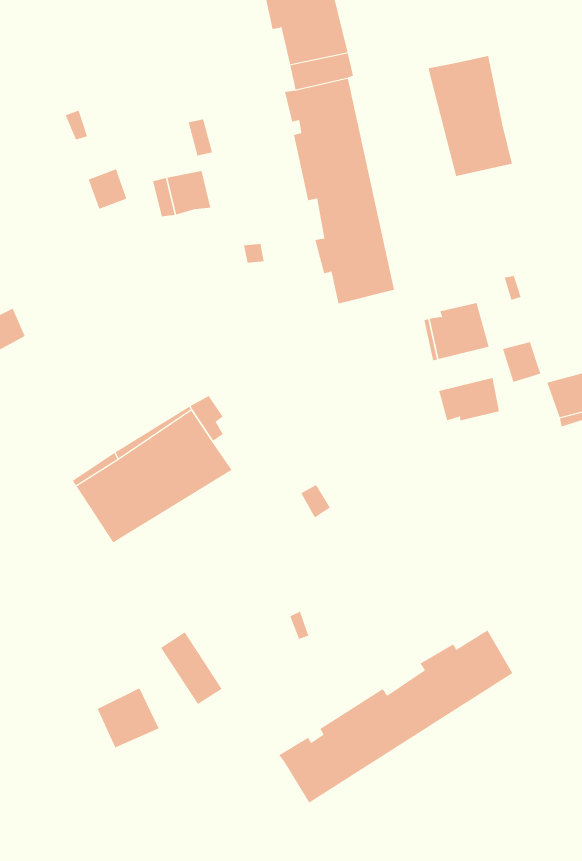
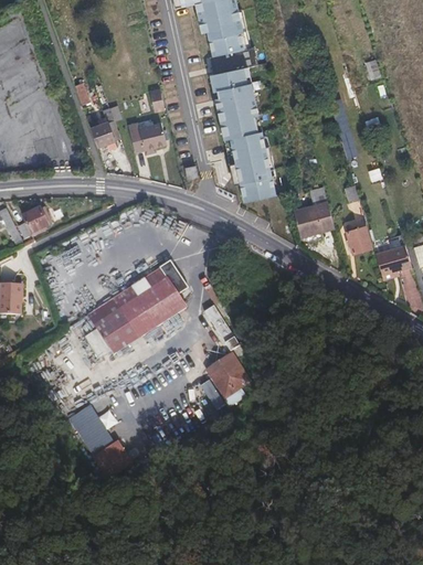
building: [428,55,512,177] -> none
building: [438,377,499,421] -> none
building: none -> [209,349,250,393]
building: [279,629,513,803] -> none
building: [160,632,223,705] -> [71,406,109,451]

